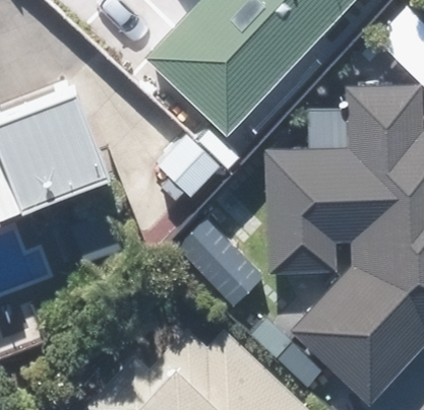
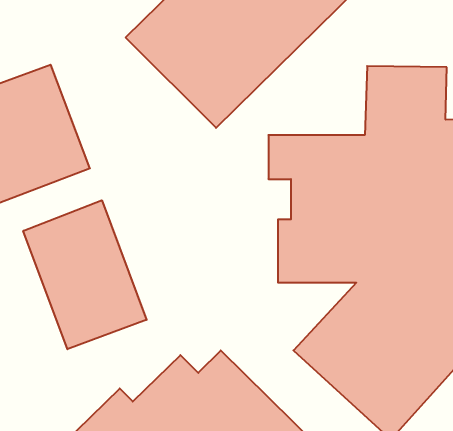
building: none -> [23,200,147,349]

